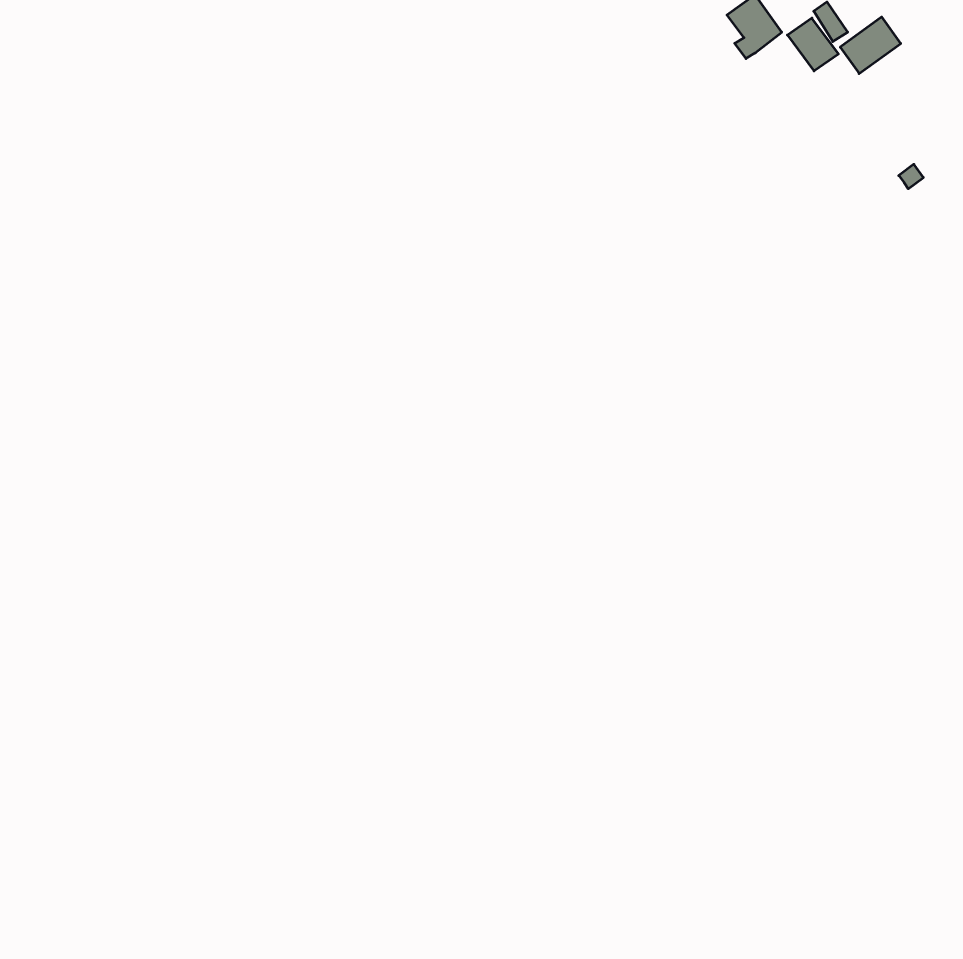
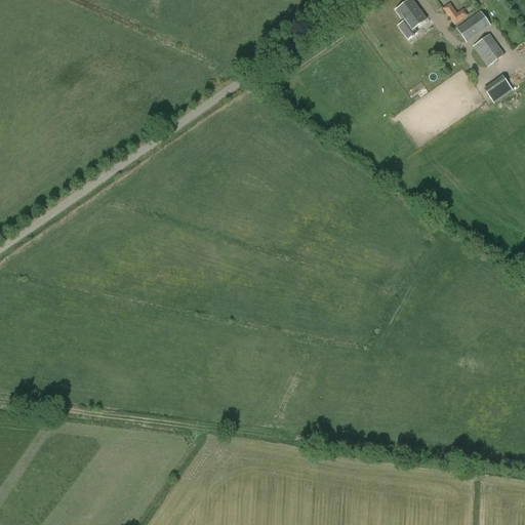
building: [787,18,838,71] -> [476,33,503,62]

